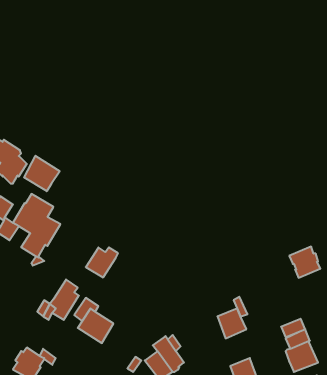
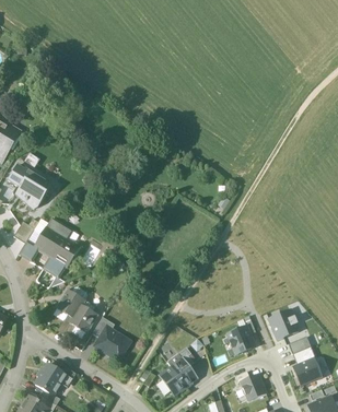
building: [24,156,60,191] -> none
building: [289,247,320,278] -> [269,310,299,340]
building: [86,247,118,277] -> [56,290,86,318]

